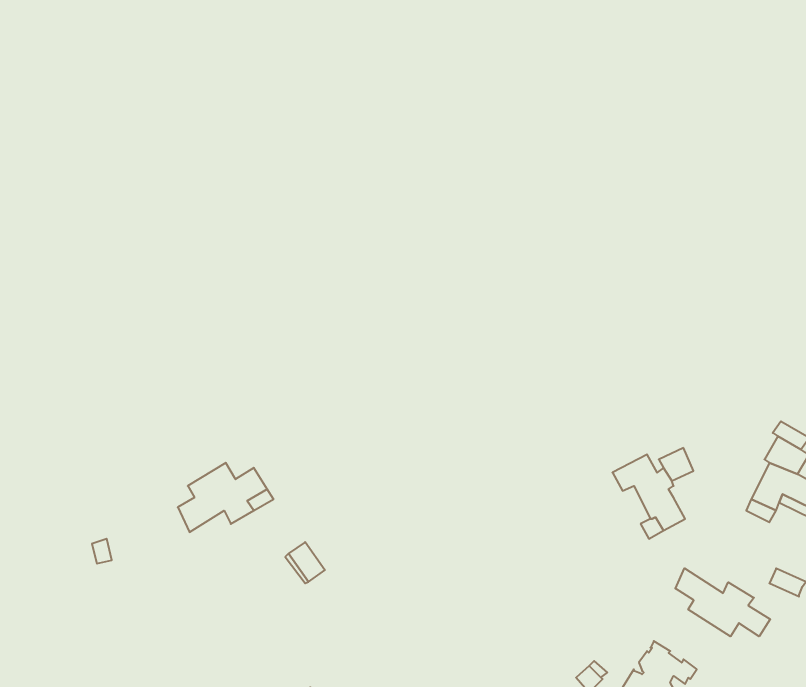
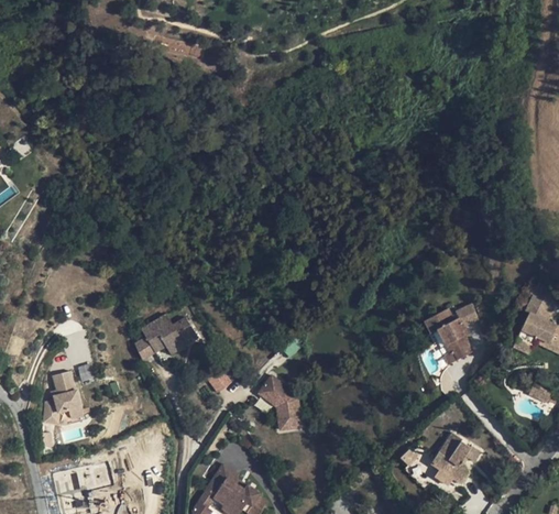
building: none -> [45,371,83,422]
building: none -> [257,375,302,429]
building: [675,568,770,636] -> none

